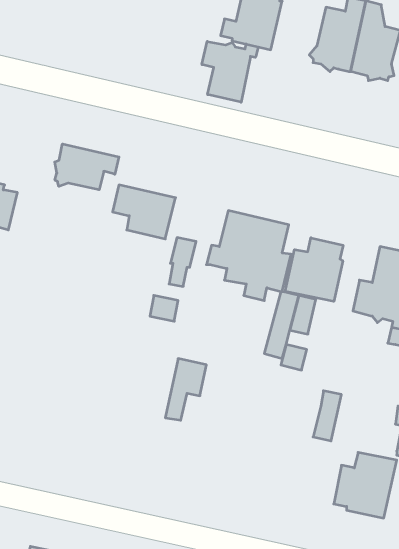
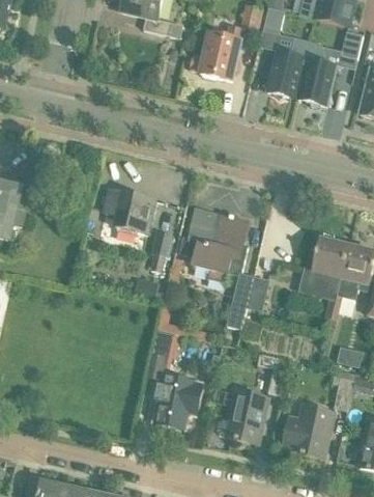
building: [202,41,258,102] -> none
building: [55,144,119,190] -> none
building: [285,238,343,301] -> none
building: none -> [154,374,207,433]
building: none -> [217,389,267,442]

